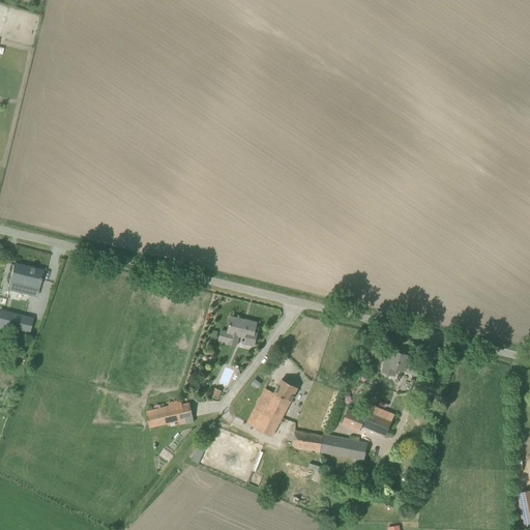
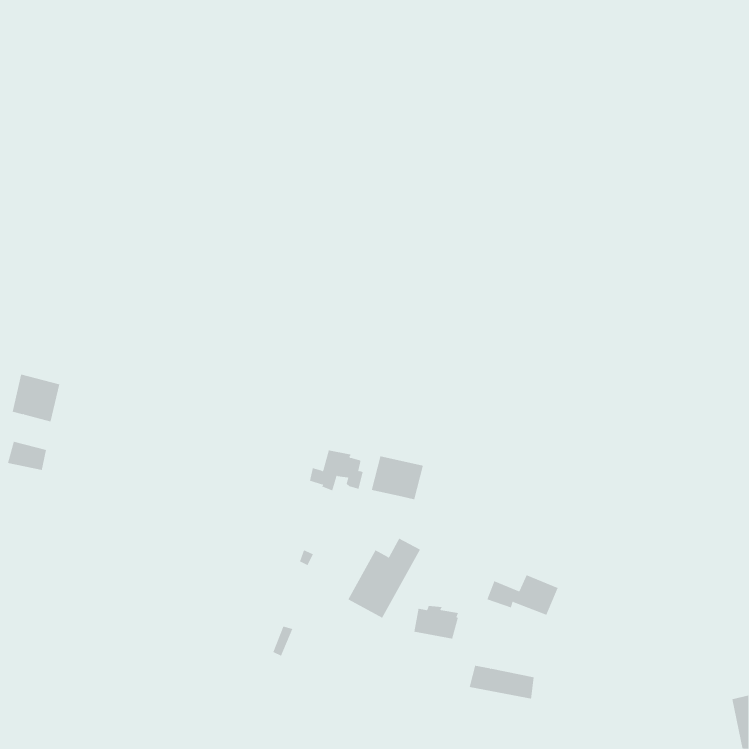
building: none -> [371,456,423,500]
building: [382,352,417,375] -> none
building: [146,400,194,428] -> none
building: [320,436,366,460] -> [469,665,535,699]

